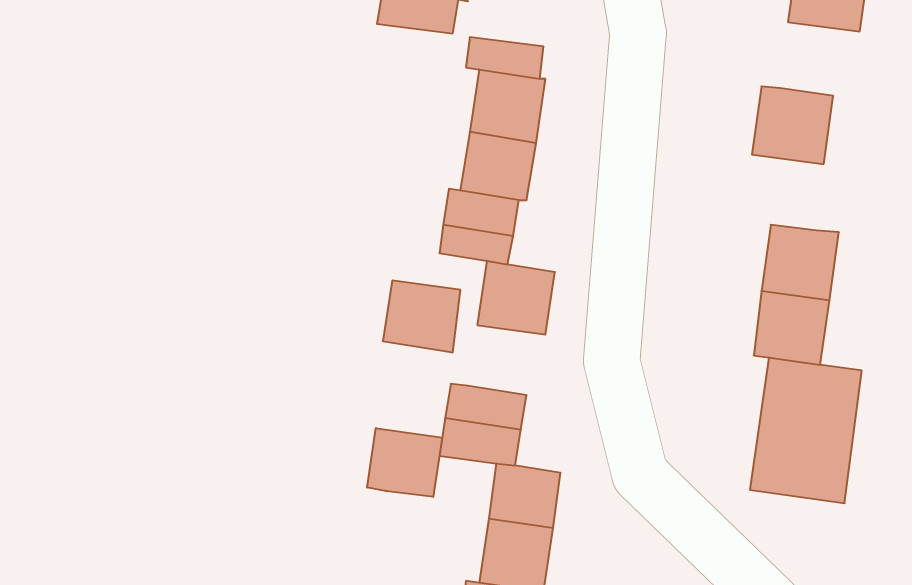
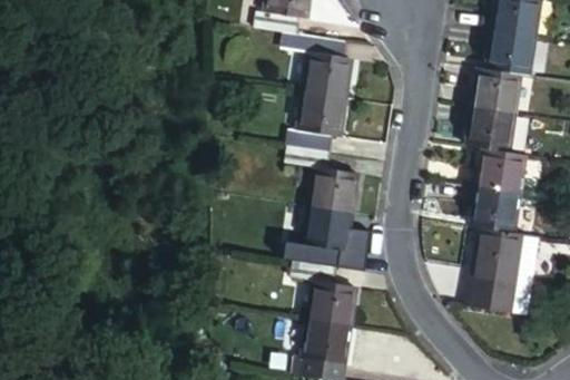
building: none -> [489,29,535,74]
building: none -> [468,107,514,152]
building: [383,280,460,352] -> [305,207,351,250]
building: [367,428,442,497] -> none

